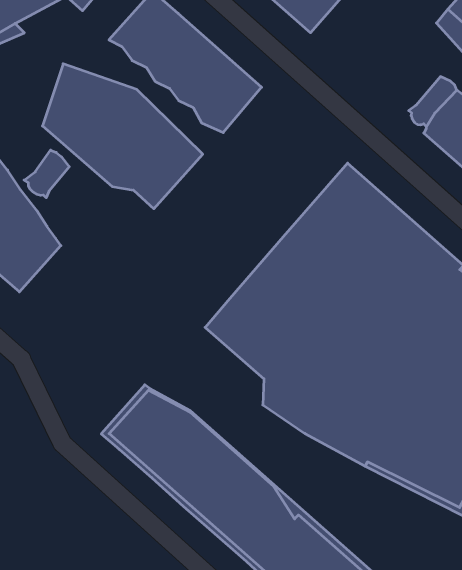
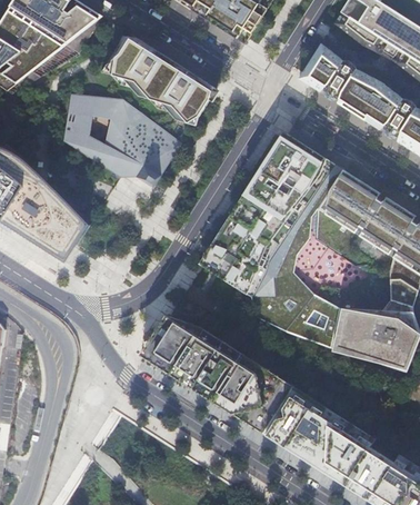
building: none -> [299,42,343,91]
building: [24,150,69,198] -> none

